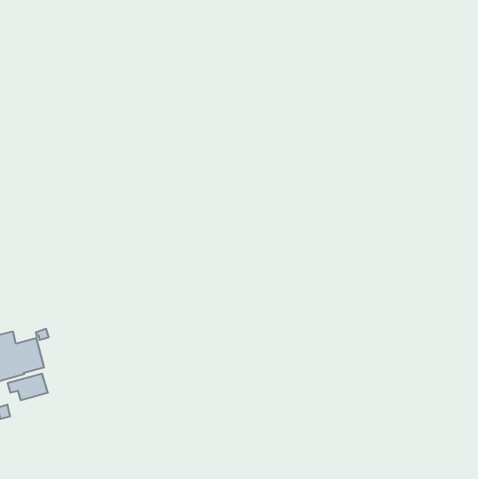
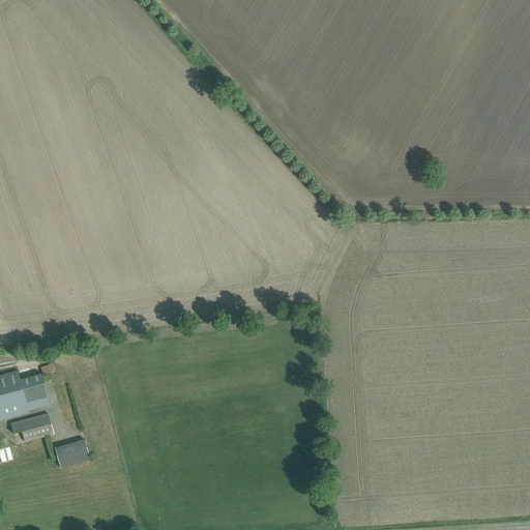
building: none -> [54,439,89,468]

